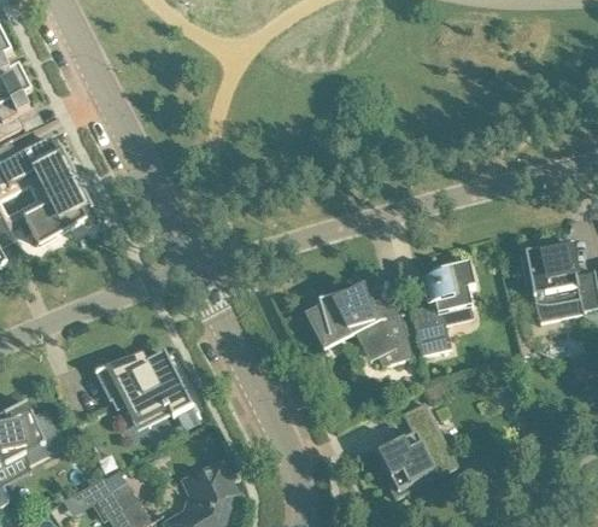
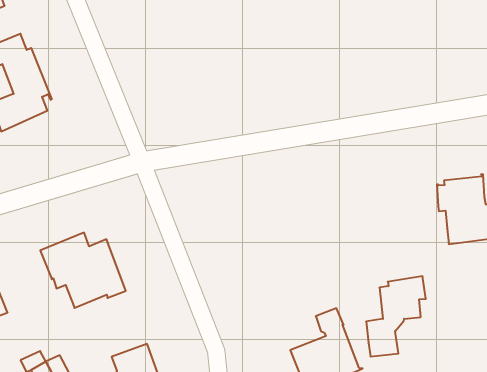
building: [411,259,474,352] -> [366,276,426,356]
building: [304,285,411,363] -> none

